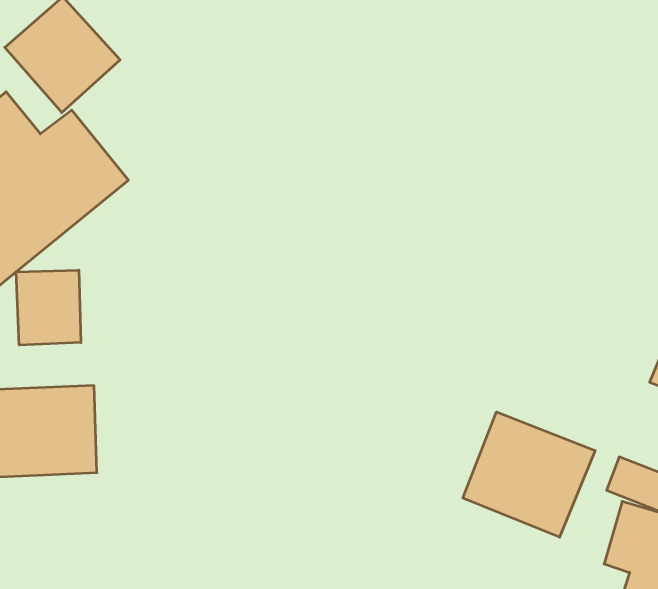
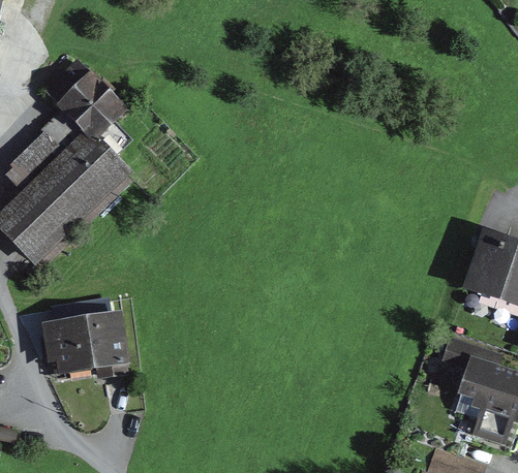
building: [16,270,81,345] -> none
building: [463,412,595,537] -> none

